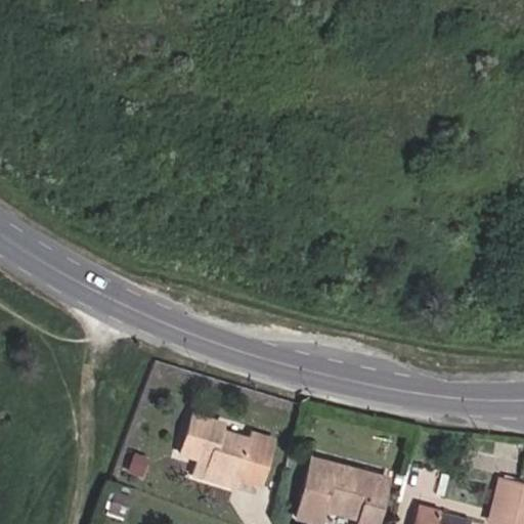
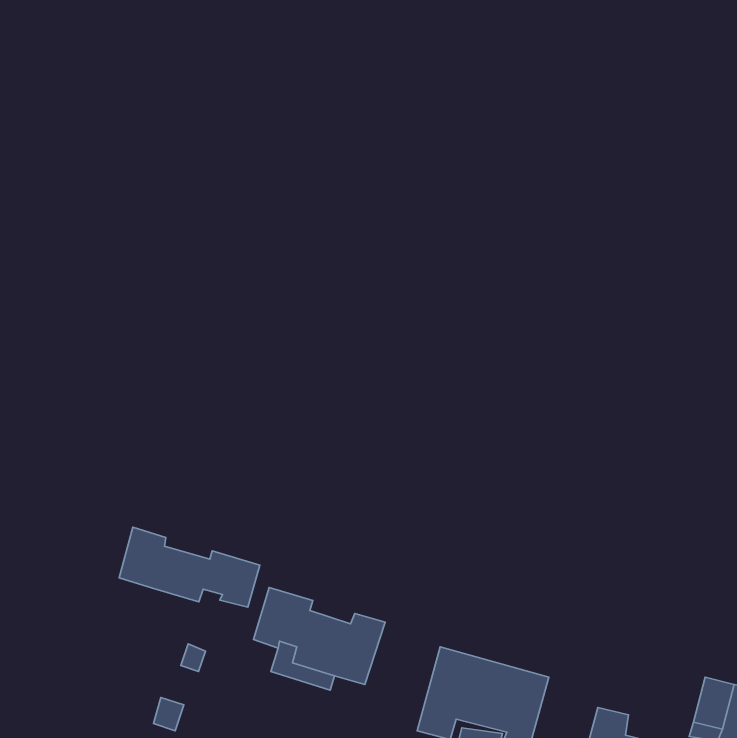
building: none -> [119,527,260,607]

